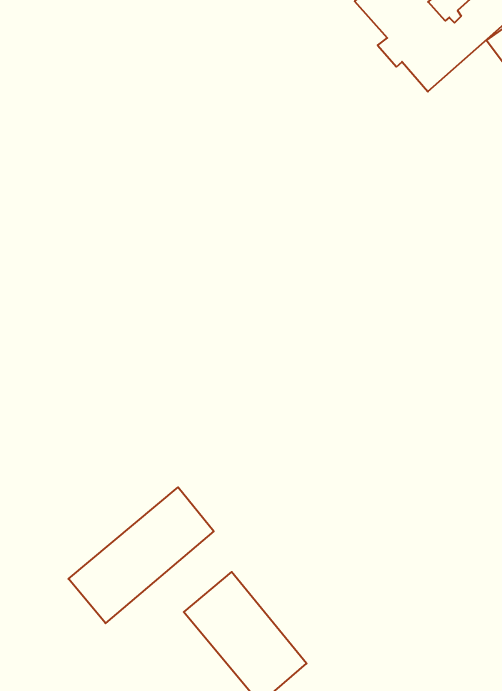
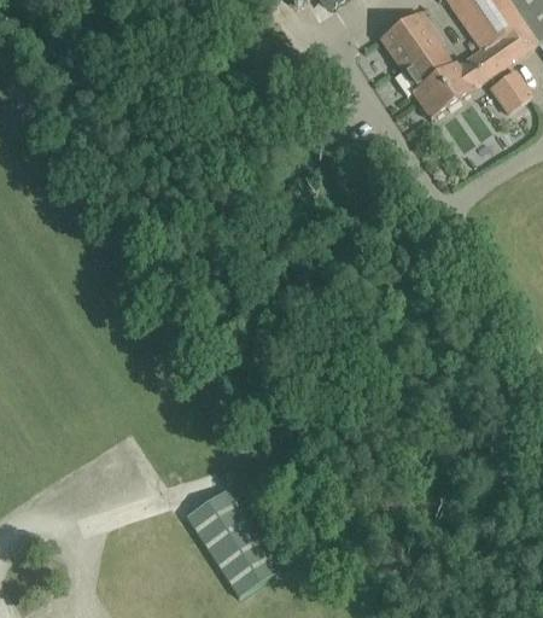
building: [68,487,214,623] -> none

